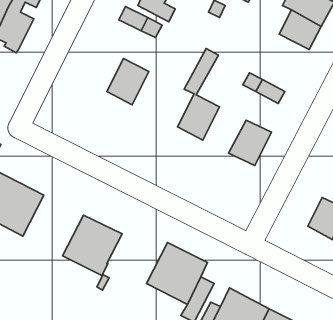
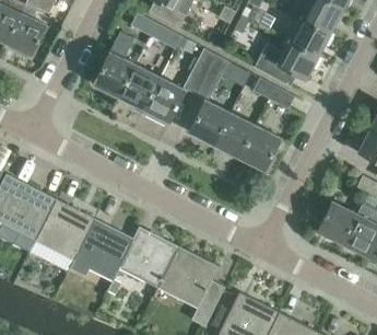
building: none -> [93,32,134,97]
building: none -> [254,41,318,88]
building: none -> [143,48,216,125]
building: none -> [213,113,256,159]
building: none -> [35,200,95,261]
building: none -> [118,228,178,288]

